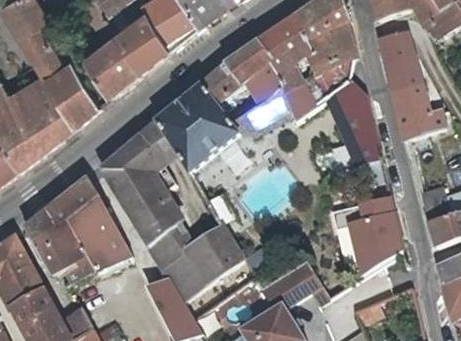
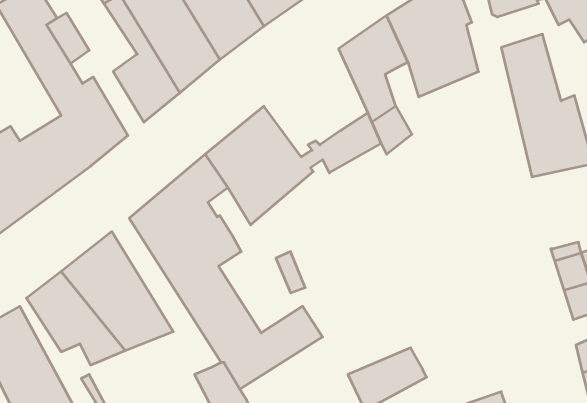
building: [201,43,279,105] -> none
building: [330,84,385,167] -> none
building: [348,200,411,276] -> none

